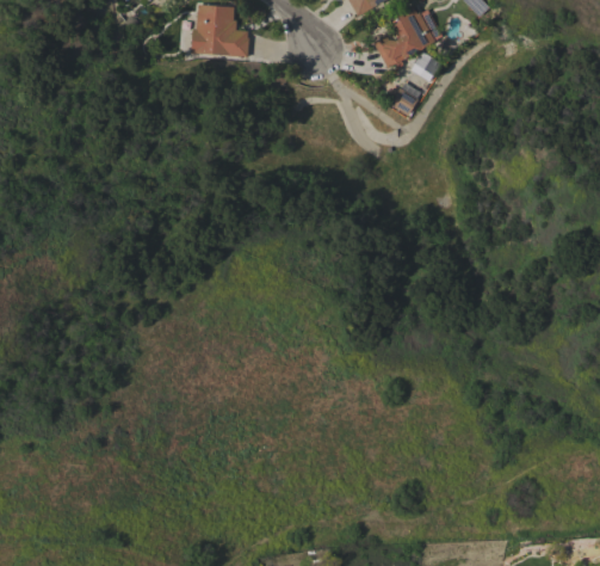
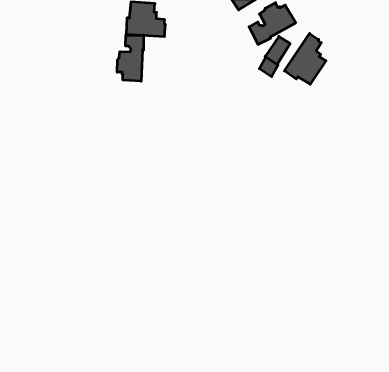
building: none -> [284,33,326,84]
building: none -> [117,35,143,81]

